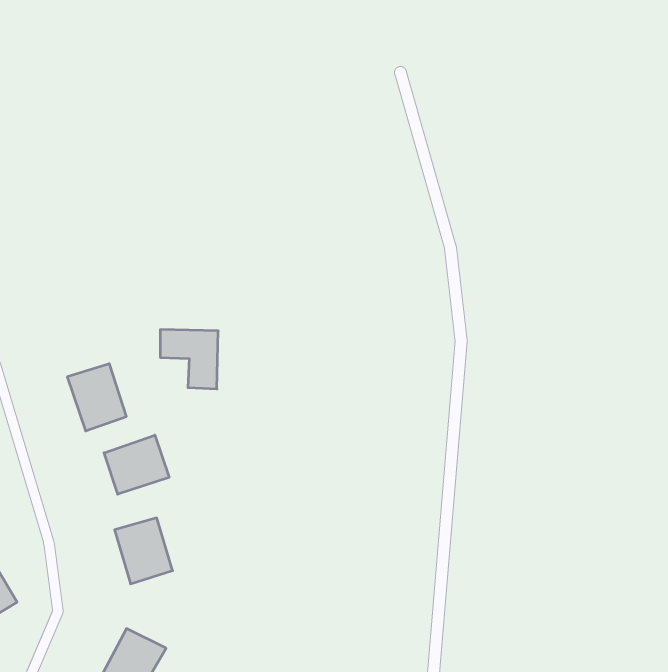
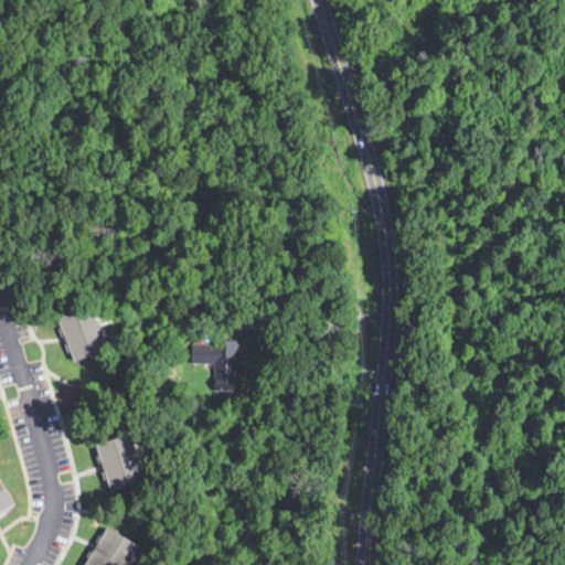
building: [160,330,218,389] -> [189,341,237,391]
building: [104,435,169,494] -> none

